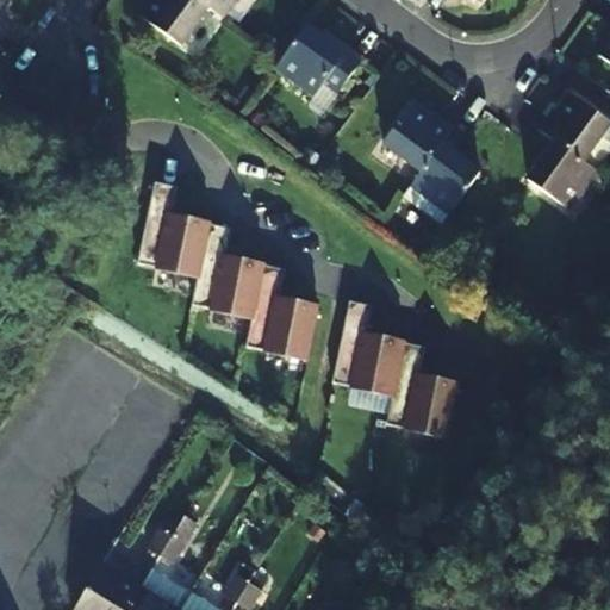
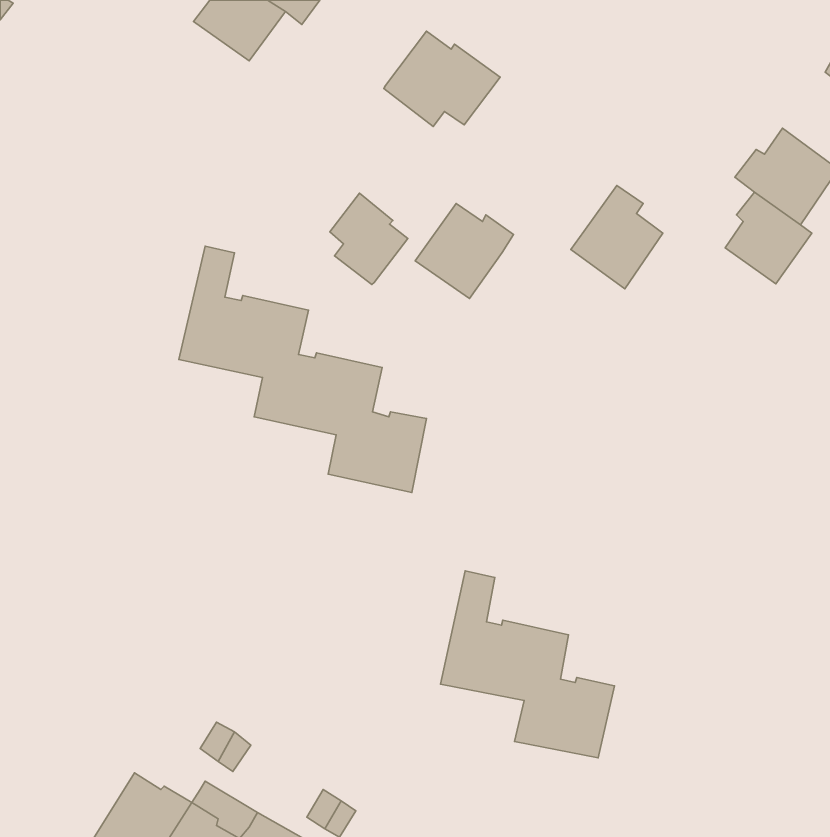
building: [391,100,462,169] -> [415,203,514,299]
building: none -> [330,193,408,284]
building: [330,300,456,436] -> [441,571,615,758]

